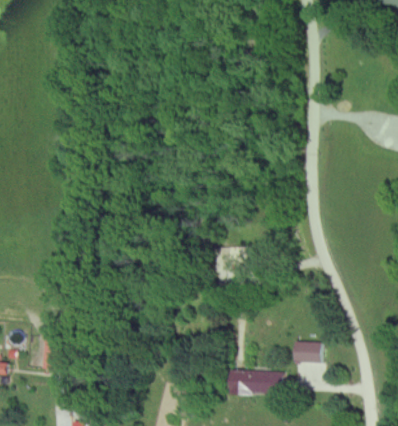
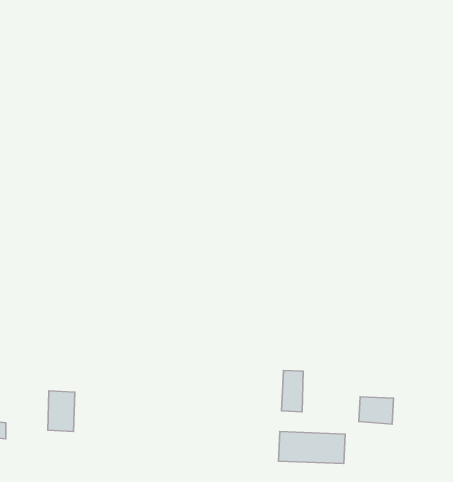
building: none -> [282,371,303,412]

